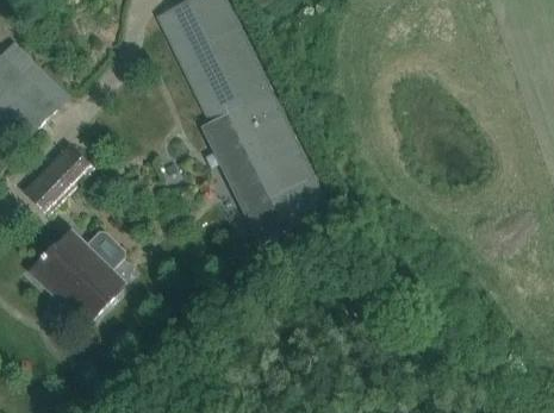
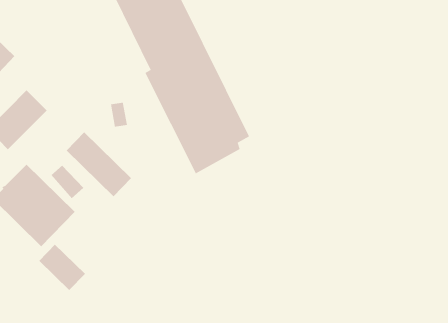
building: none -> [66,132,132,197]
building: none -> [39,244,86,291]

